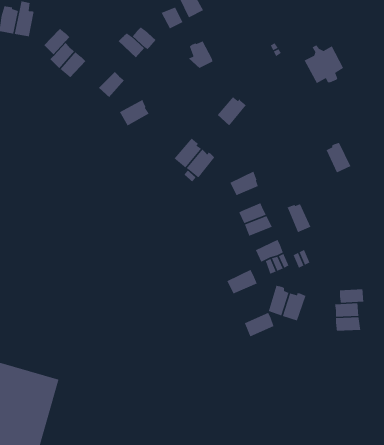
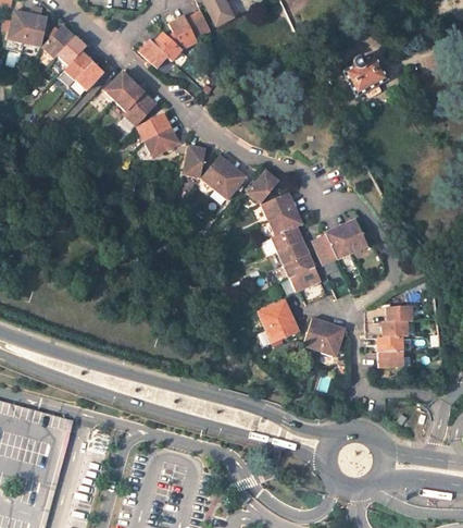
building: none -> [41,23,73,57]
building: [188,40,213,69] -> [167,16,196,48]
building: none -> [104,71,135,100]
building: none -> [125,91,157,125]
building: [217,96,247,126] -> [246,171,278,204]
building: none -> [148,128,182,157]
building: none -> [182,146,204,177]
building: [326,142,351,174] -> [338,218,366,253]
building: none -> [267,208,301,234]
building: none -> [310,233,335,266]
building: none -> [281,253,313,278]
building: none -> [385,304,413,321]
building: [244,312,274,338] -> [264,315,298,343]

